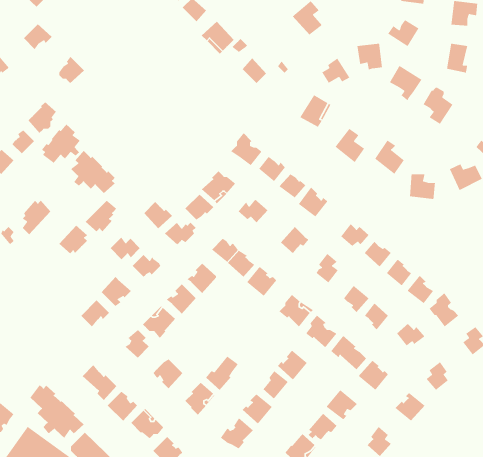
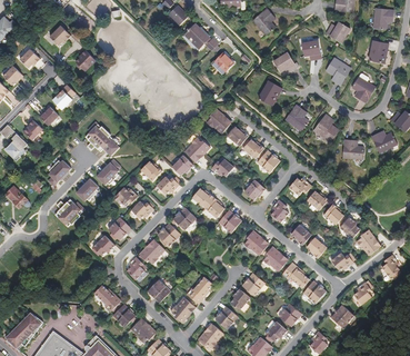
building: [41,123,81,164] -> none
building: none -> [54,198,84,226]
building: [30,384,84,439] -> none

